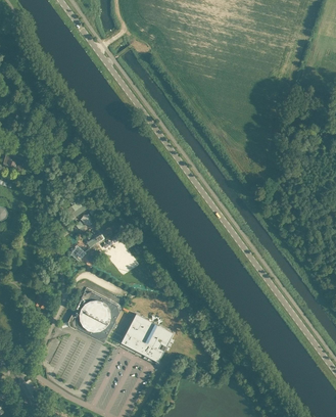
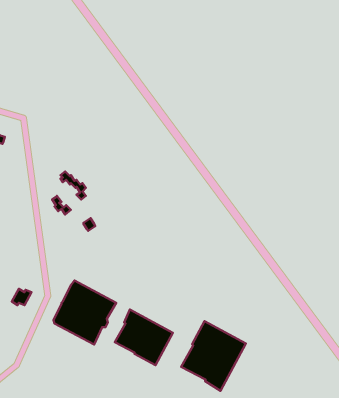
building: none -> [181,321,246,391]

